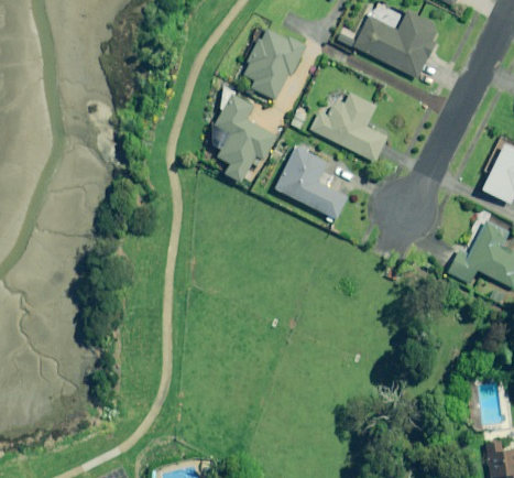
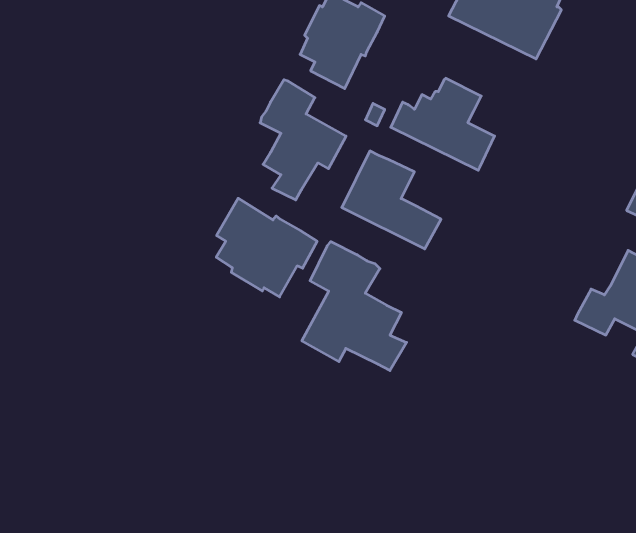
building: none -> [216,198,317,297]
building: none -> [302,242,407,371]

